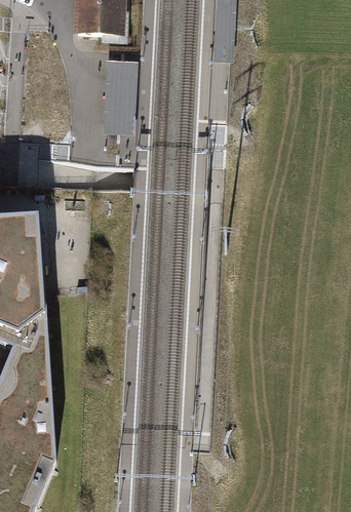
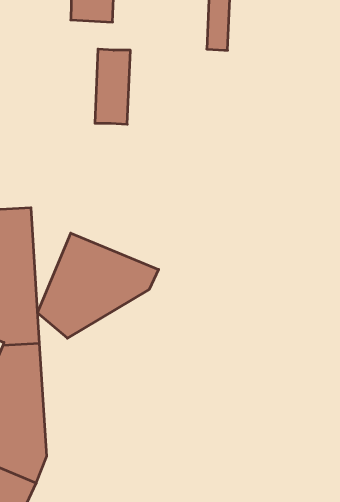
building: none -> [38,233,159,338]

